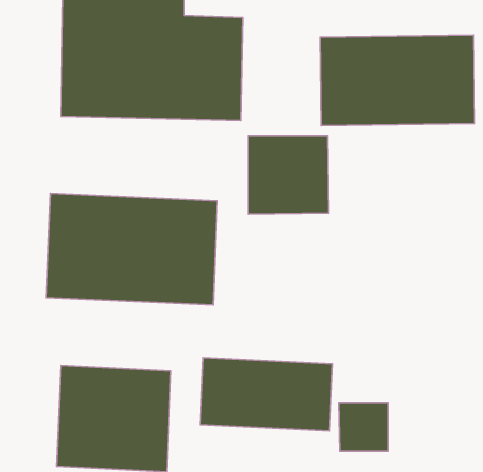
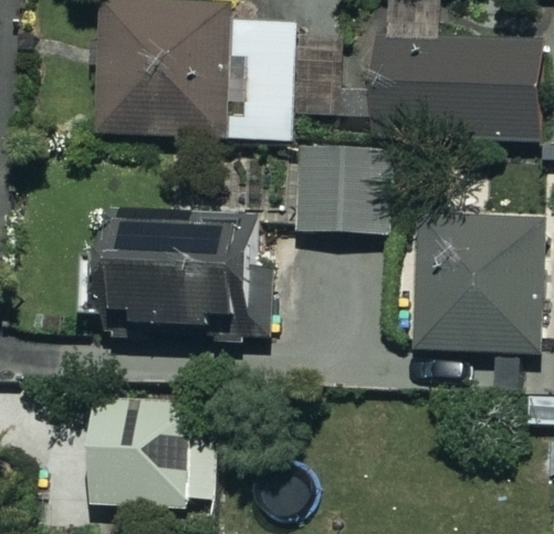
building: none -> [418,213,537,349]
building: [200,358,332,431] -> none

